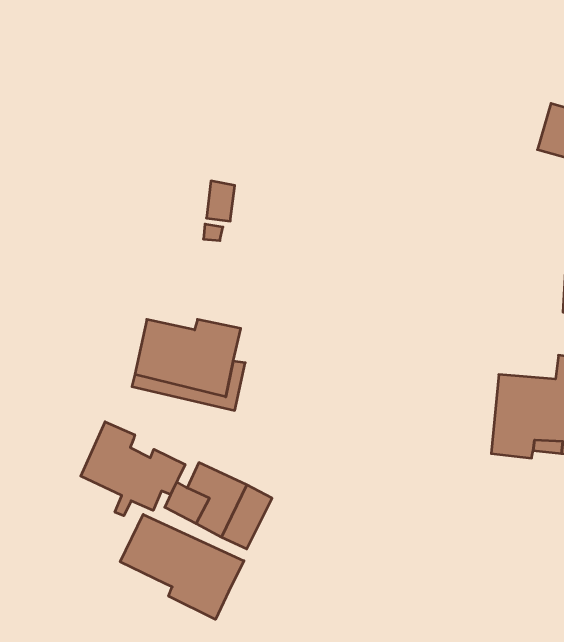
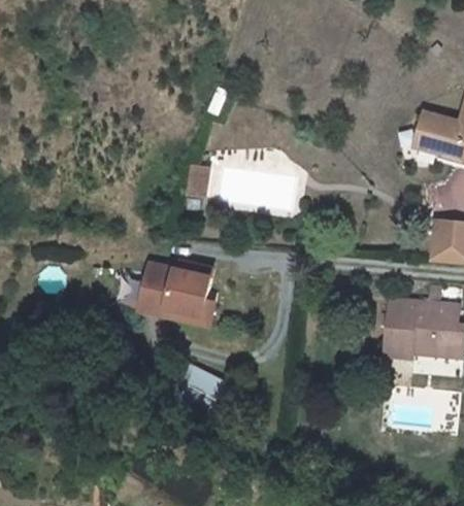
building: [81,422,185,516] -> none
building: [120,514,244,619] -> none

